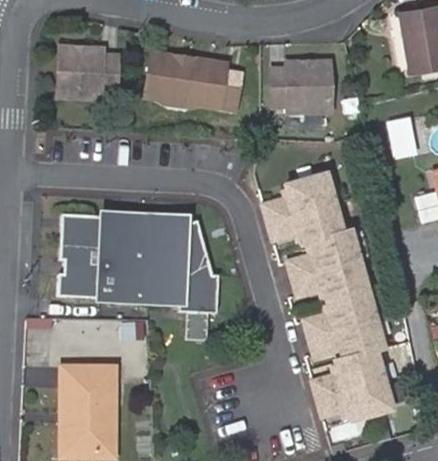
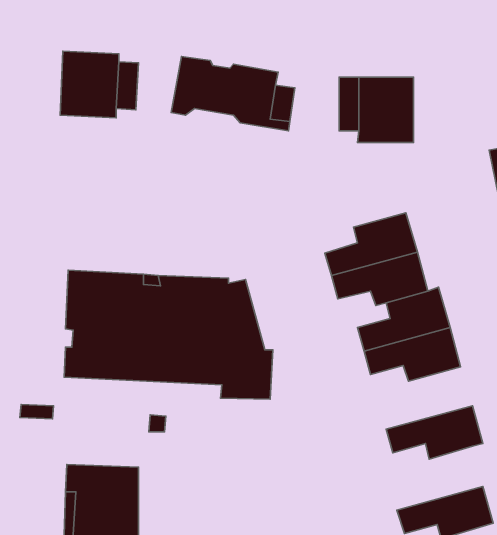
building: [304,288,375,336] -> none
building: [313,349,383,398] -> none

